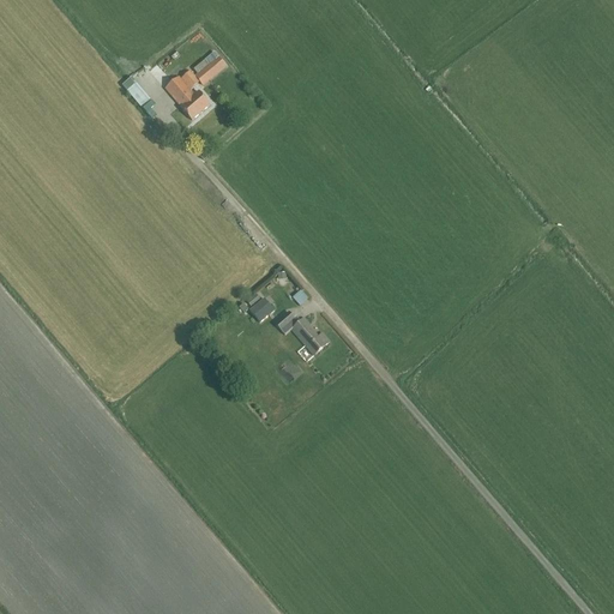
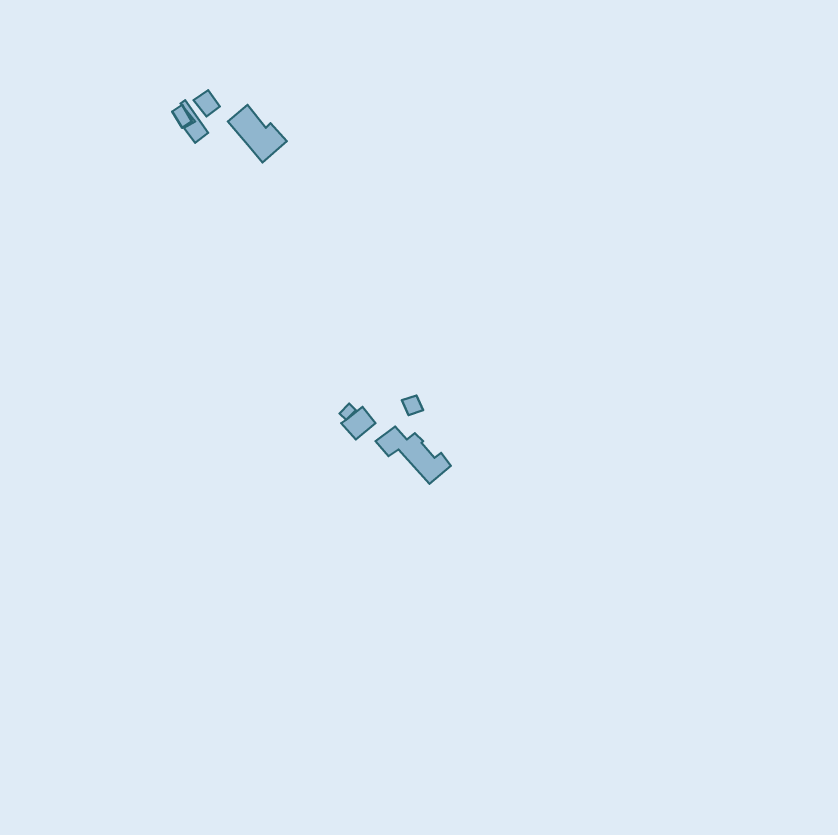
building: [189,50,225,84] -> none

